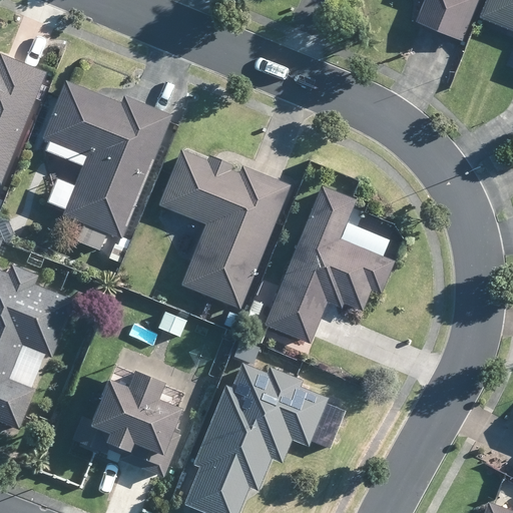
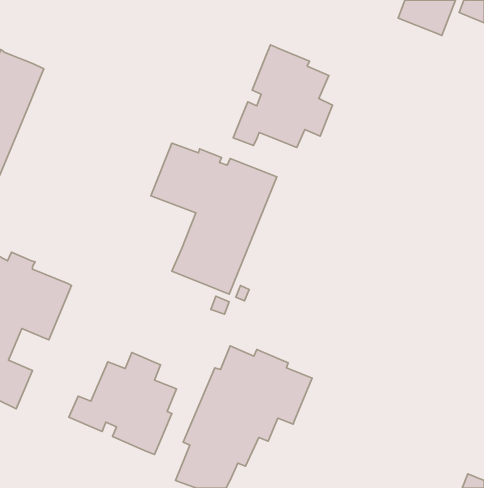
building: none -> [233,45,333,148]
building: [43,82,171,248] -> none
building: [264,185,394,344] -> none

